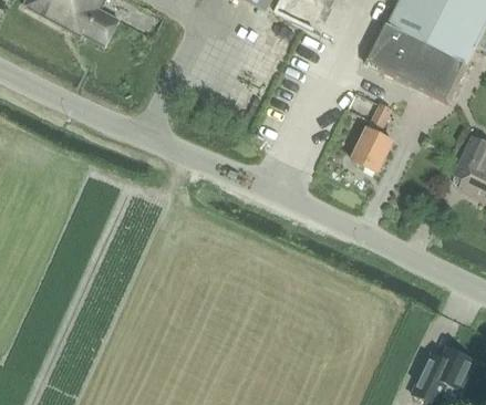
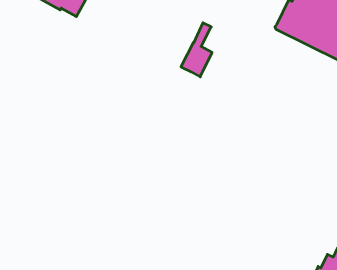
building: [351,101,392,172] -> [181,23,212,77]

